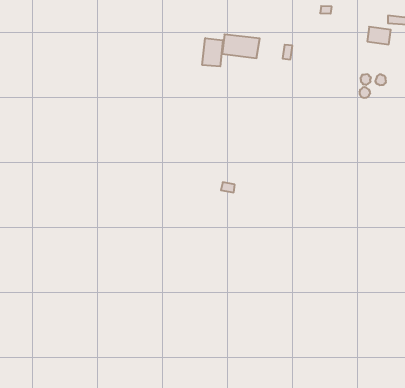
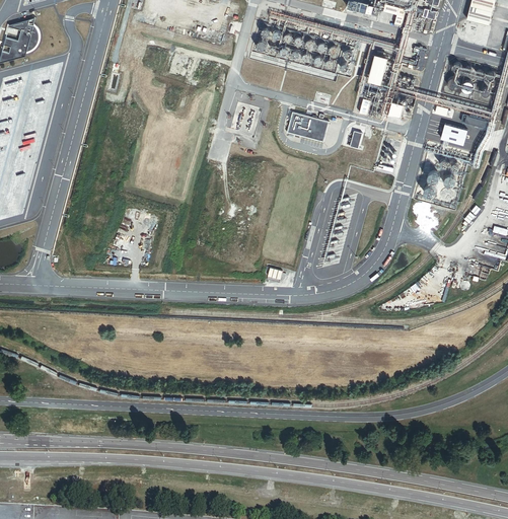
building: [202,38,223,66] -> none

